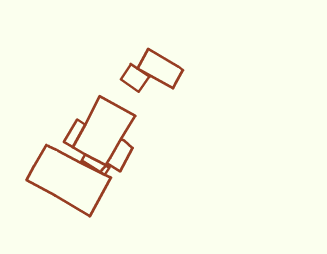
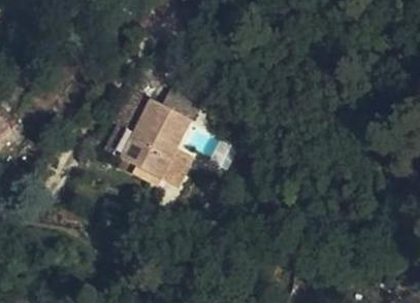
building: [137,49,183,88] -> [148,90,200,135]
building: [27,145,111,216] -> none

